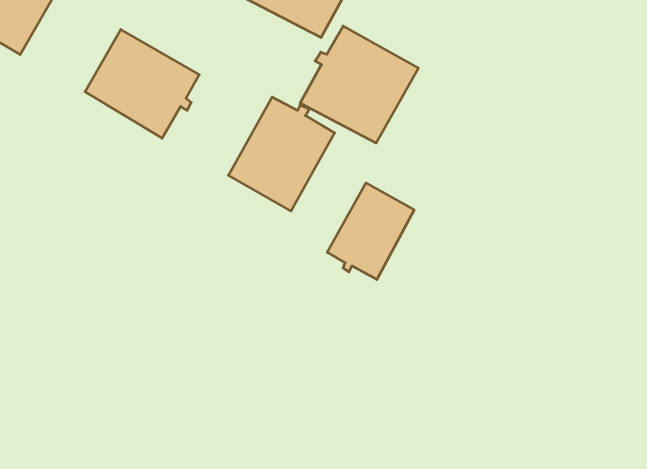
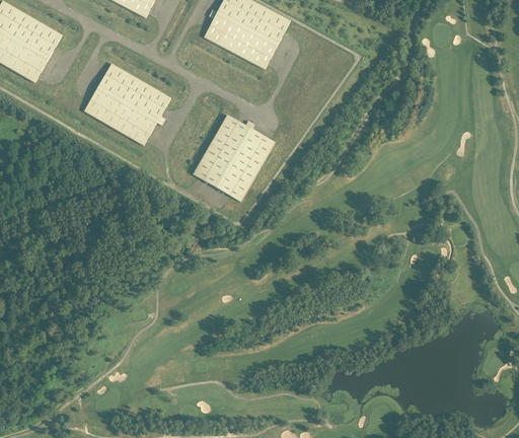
building: [300,26,418,143] -> none
building: [327,183,414,280] -> none

